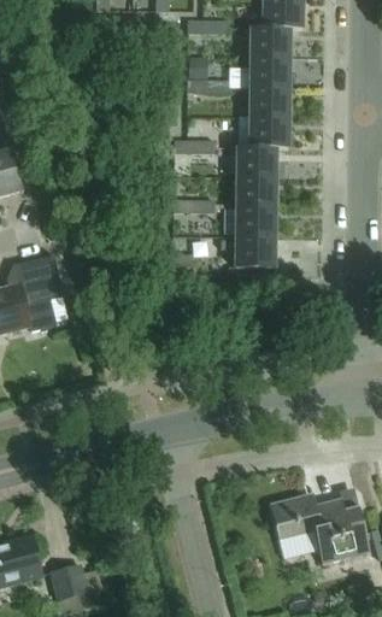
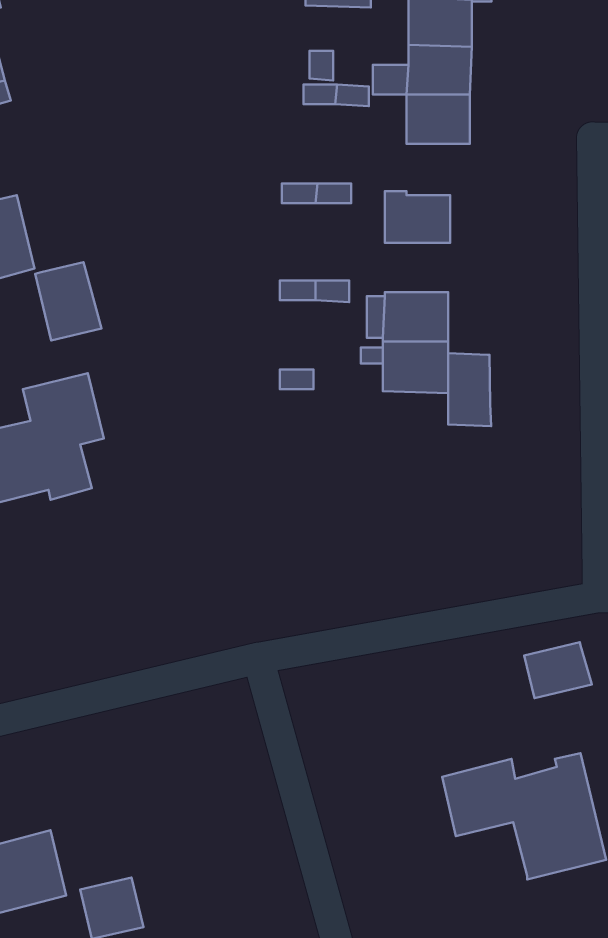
building: [248,117,287,149] -> none
building: [235,177,275,207] -> none
building: none -> [35,262,101,341]
building: none -> [448,353,491,426]
building: none -> [524,642,592,698]

